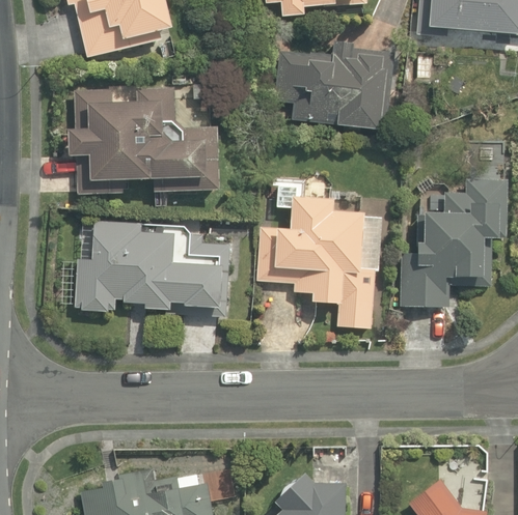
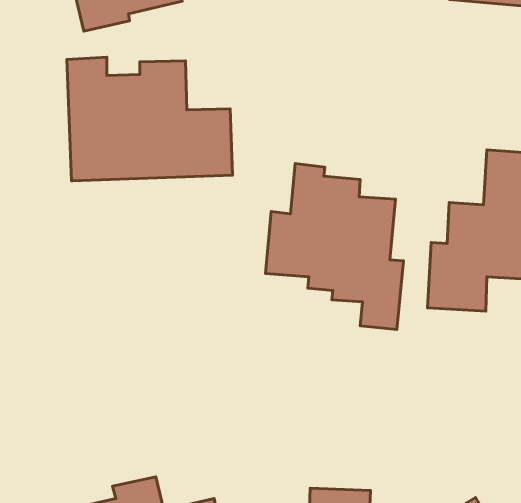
building: [272,41,393,135] -> none
building: [72,218,231,315] -> none

